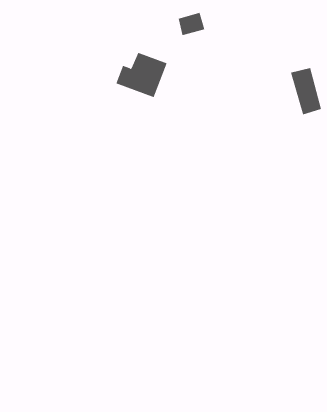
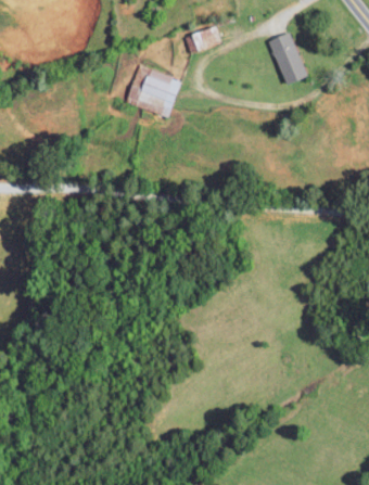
building: [290,67,322,115] -> [270,33,304,84]

